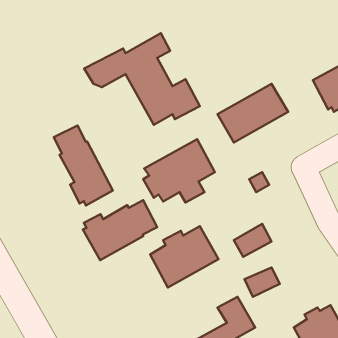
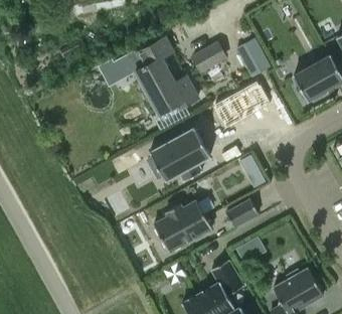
building: none -> [235,38,271,77]
building: none -> [190,41,227,73]
building: [54,125,113,206] -> none
building: [83,200,157,260] -> none

